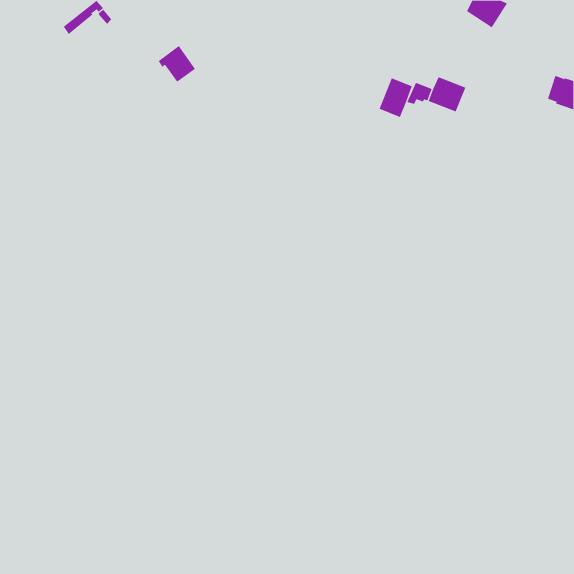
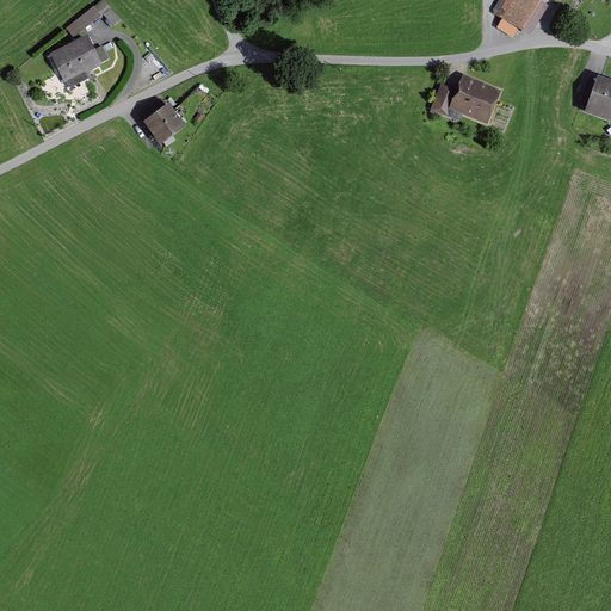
building: none -> [54,38,99,87]
building: [158,45,196,82] -> [141,101,181,141]
building: [379,77,413,118] -> none

